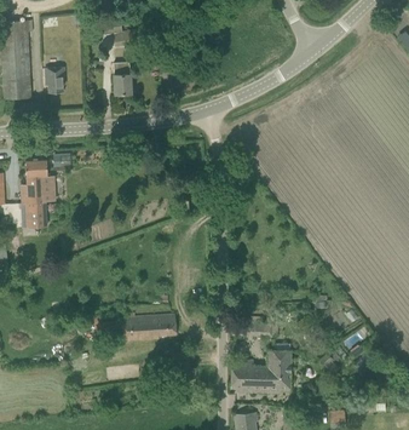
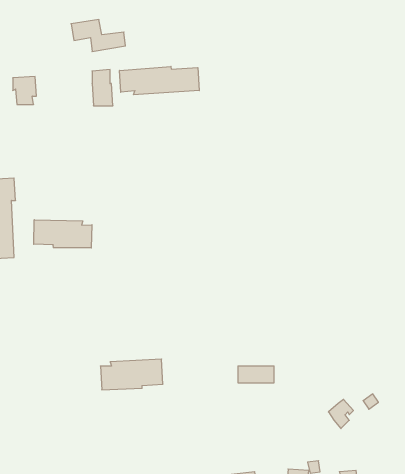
building: none -> [120,66,199,95]
building: none -> [34,220,92,248]
building: [230,350,290,391] -> none

